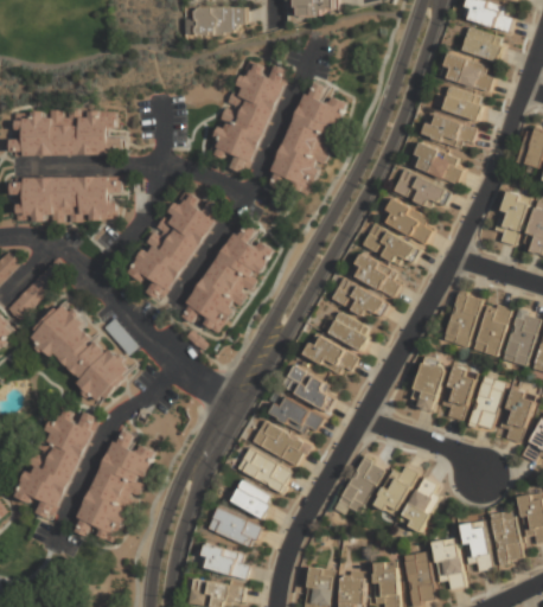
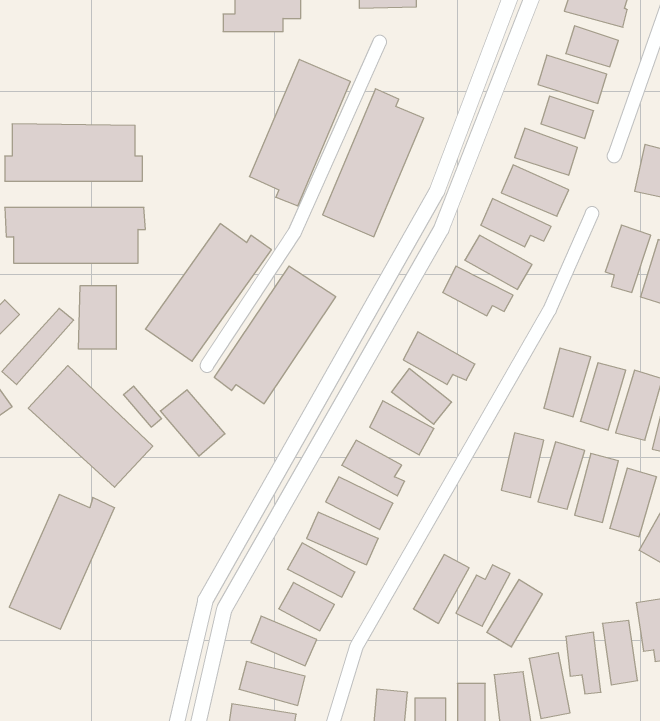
building: none -> [79,285,116,349]
building: [350,253,402,295] -> none
building: none -> [160,390,225,456]
building: [74,426,153,547] -> none

